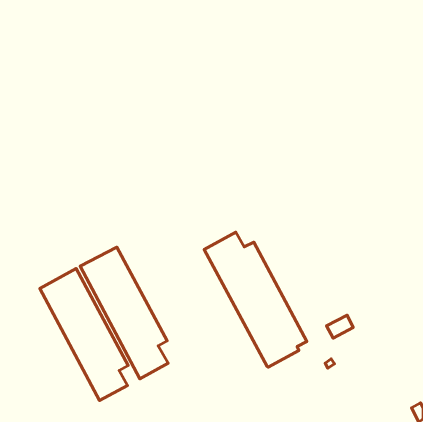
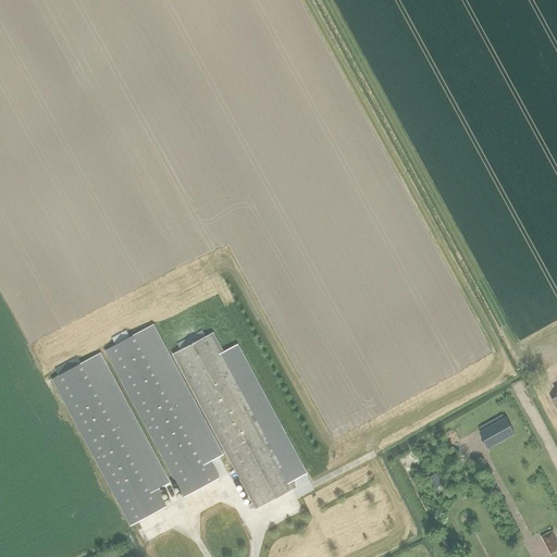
building: [204,232,307,367] -> [173,331,308,508]
building: [327,315,353,338] -> [480,416,515,446]

